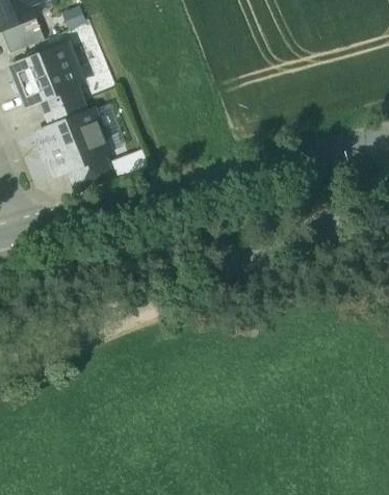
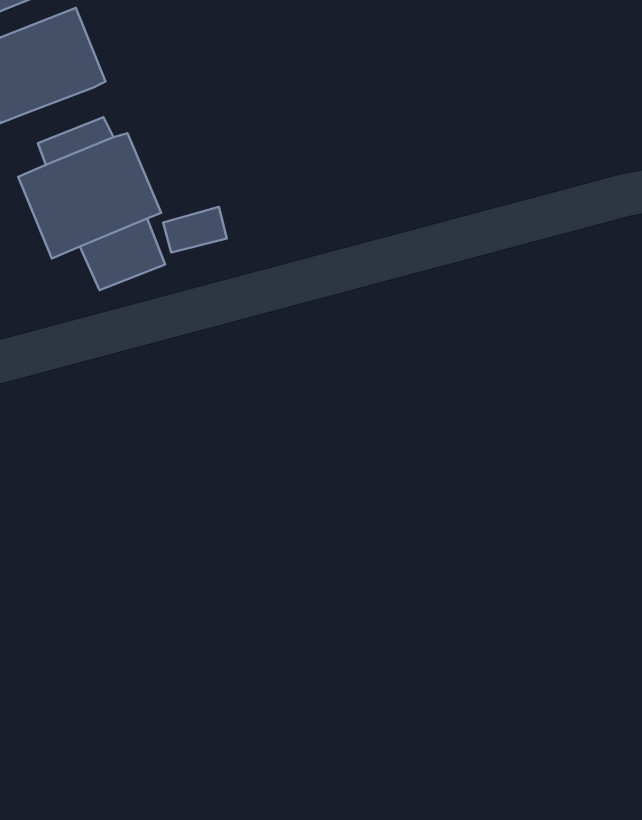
building: [40,83,80,112] -> none

